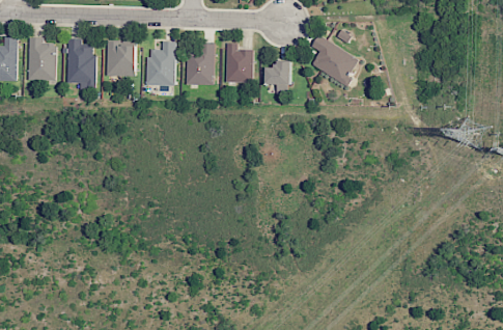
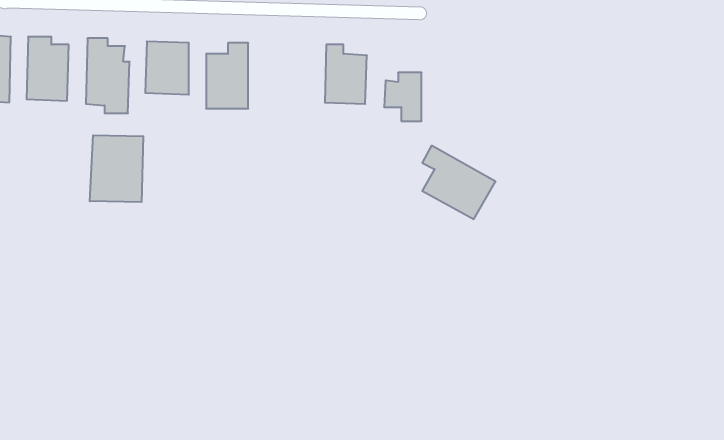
building: [311,35,360,84] -> [422,146,496,219]
building: [186,42,214,84] -> none
building: none -> [90,135,143,202]

